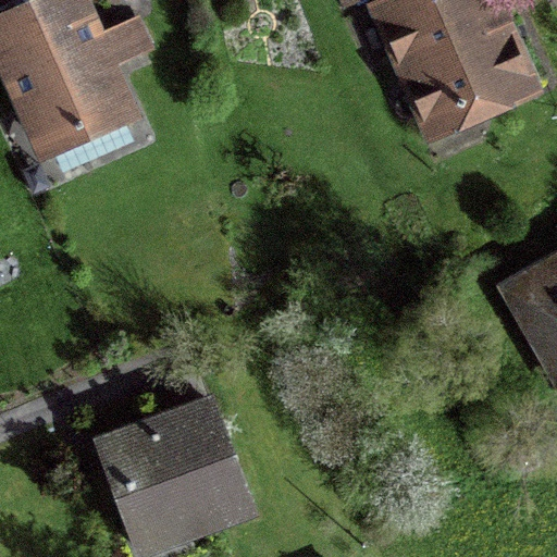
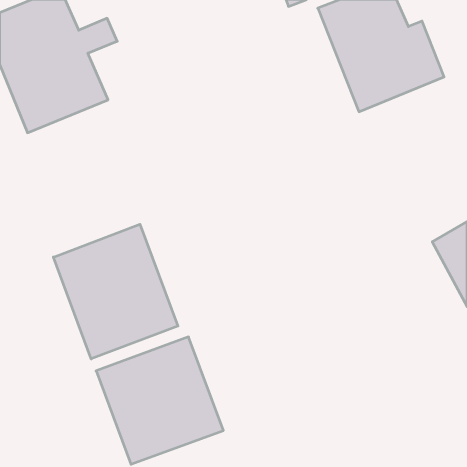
building: none -> [53,224,178,359]

